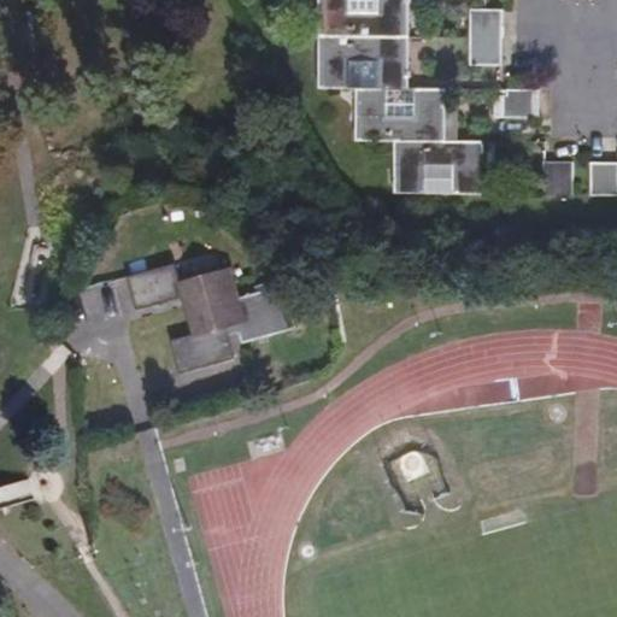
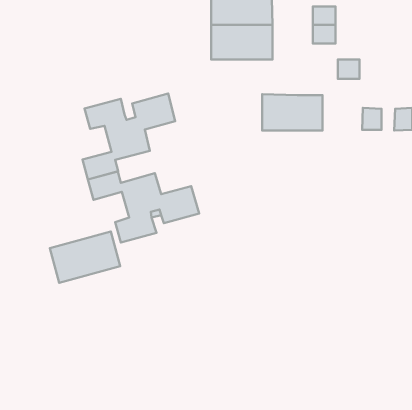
building: [354,89,445,142] -> none
building: none -> [82,94,175,180]
building: none -> [50,231,120,283]

